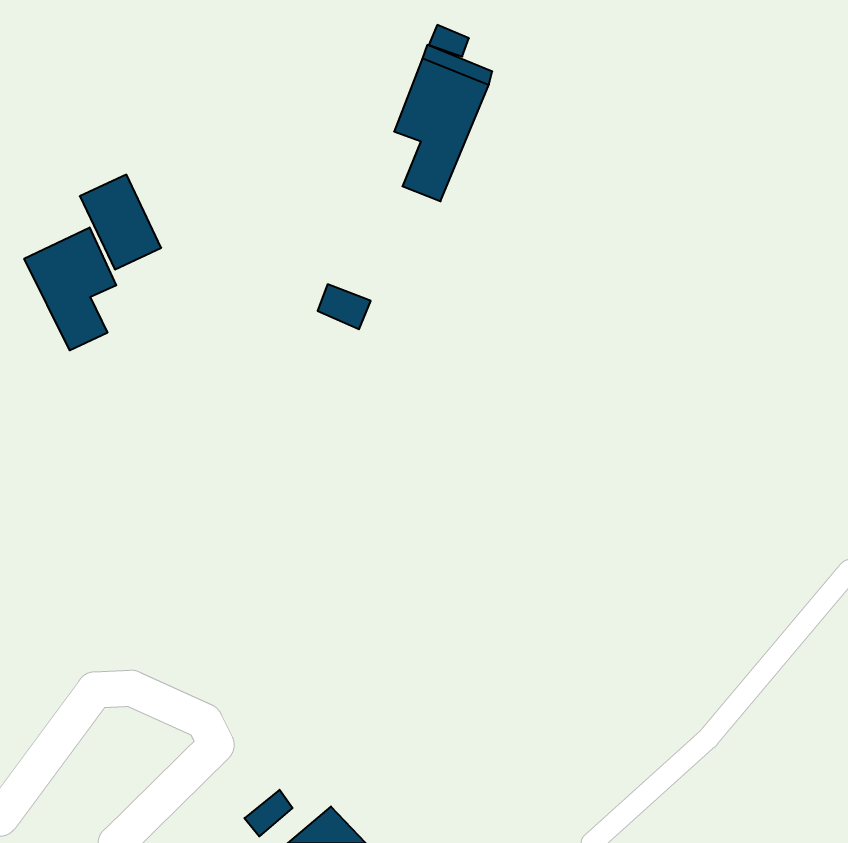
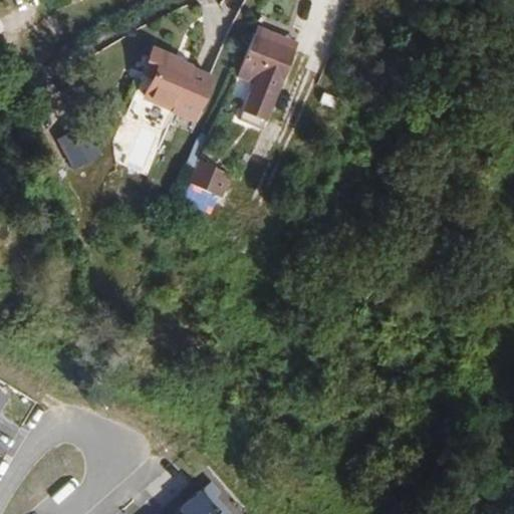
building: none -> [145,49,213,121]
building: [24,227,116,350] -> none

